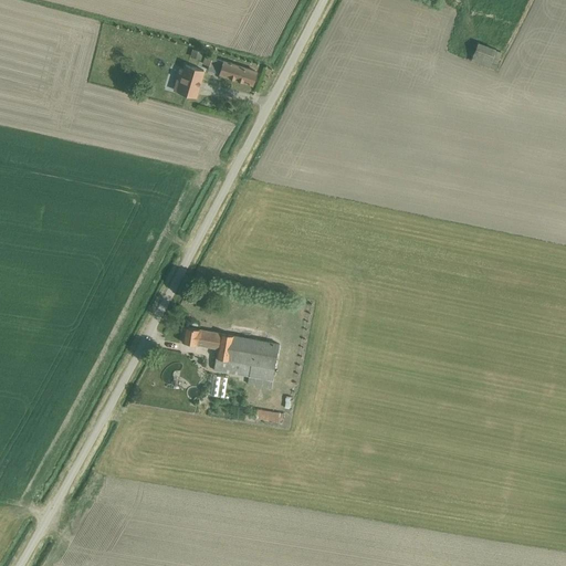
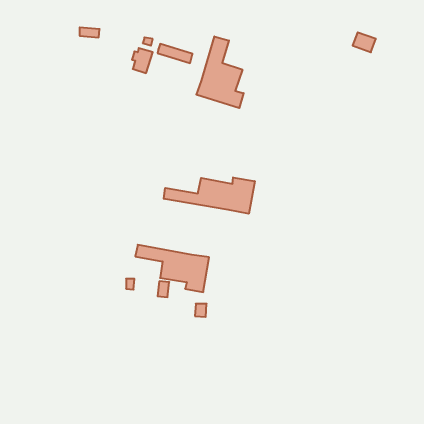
building: none -> [196,36,244,108]
building: none -> [164,177,255,214]

